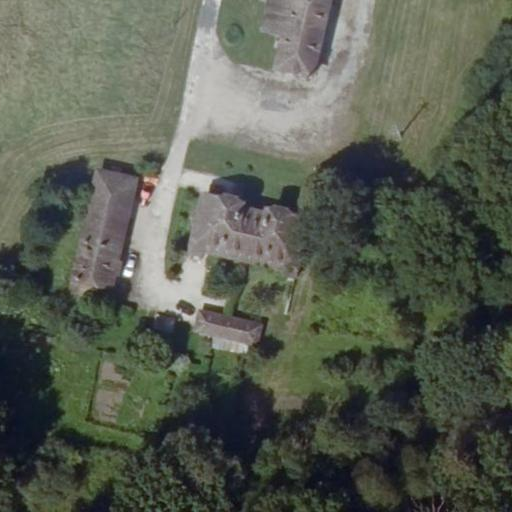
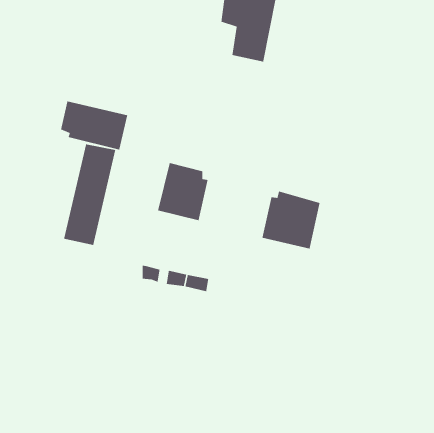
building: none -> [60,101,128,150]
building: [236,203,305,272] -> [261,190,320,249]

